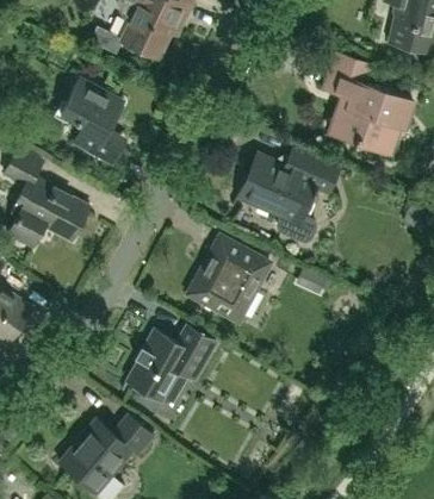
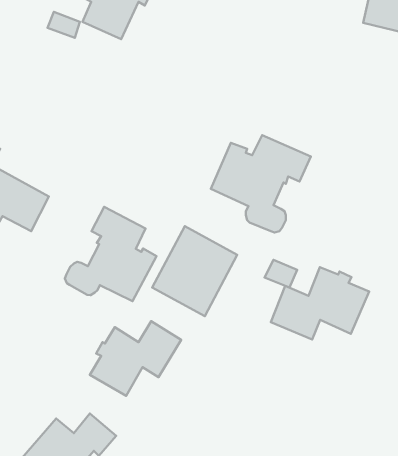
building: [324,52,413,156] -> none
building: [60,77,126,166] -> none
building: none -> [65,207,156,301]
building: none -> [271,267,369,339]

